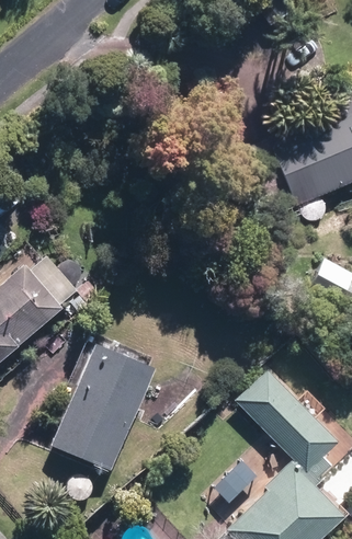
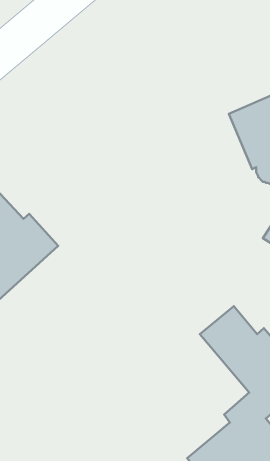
building: [46,333,158,475] -> none

